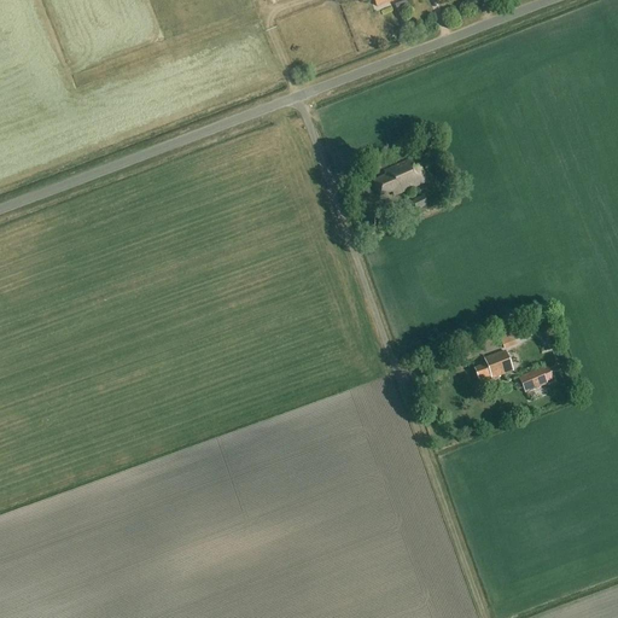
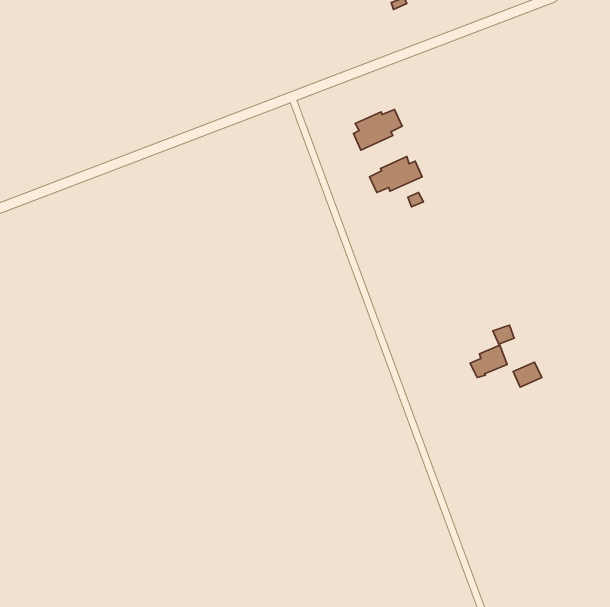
building: none -> [353,109,402,150]

